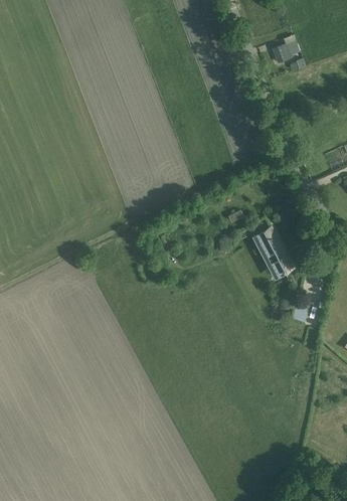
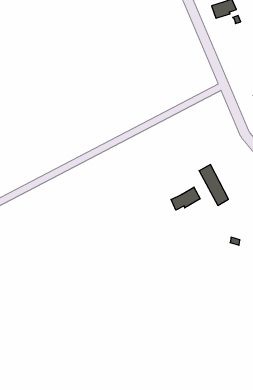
building: none -> [171,187,200,210]

